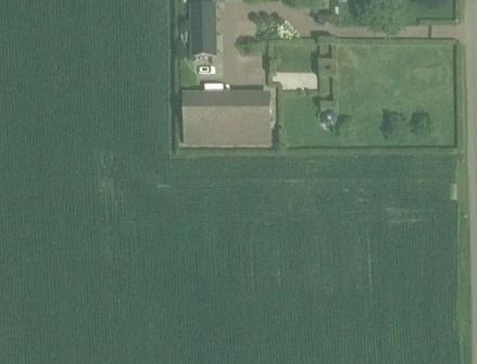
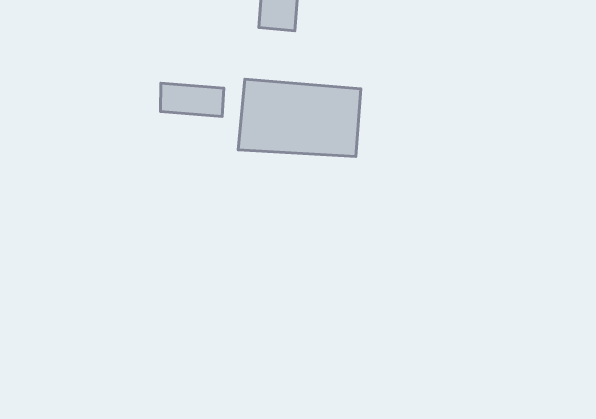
building: none -> [161,83,224,117]

